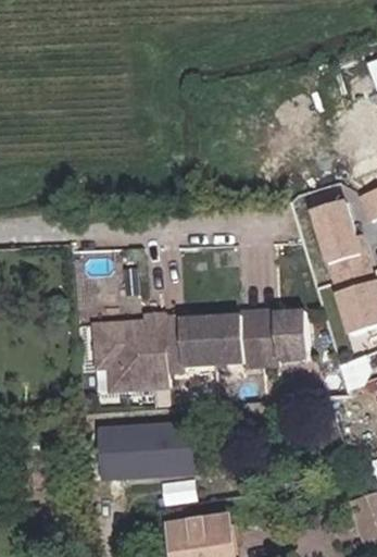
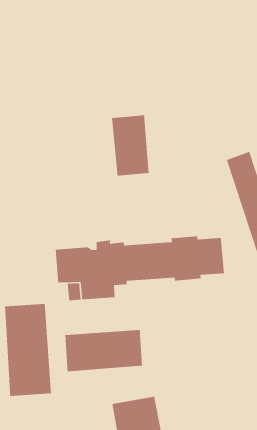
building: none -> [111,114,150,177]
building: none -> [4,303,52,397]

